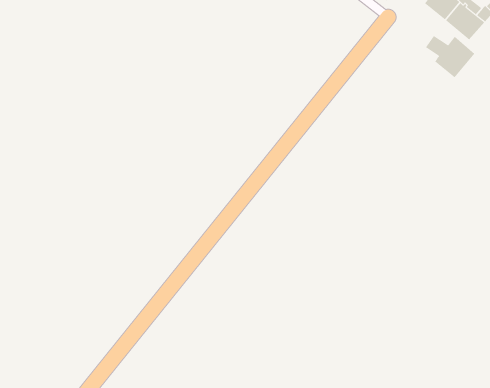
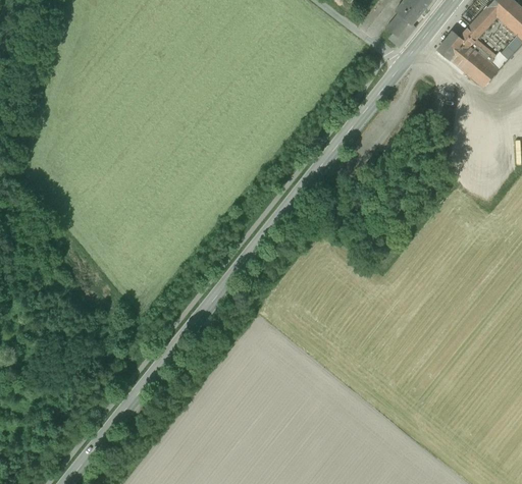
building: [425,35,475,78] -> none

